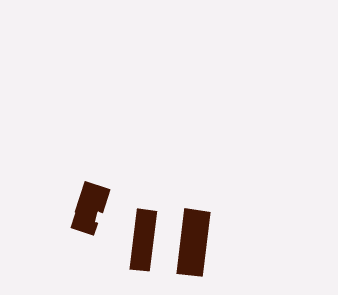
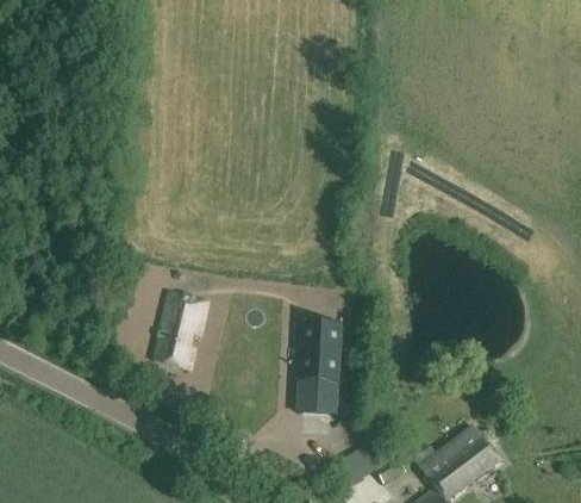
building: [129,208,158,272] -> none

